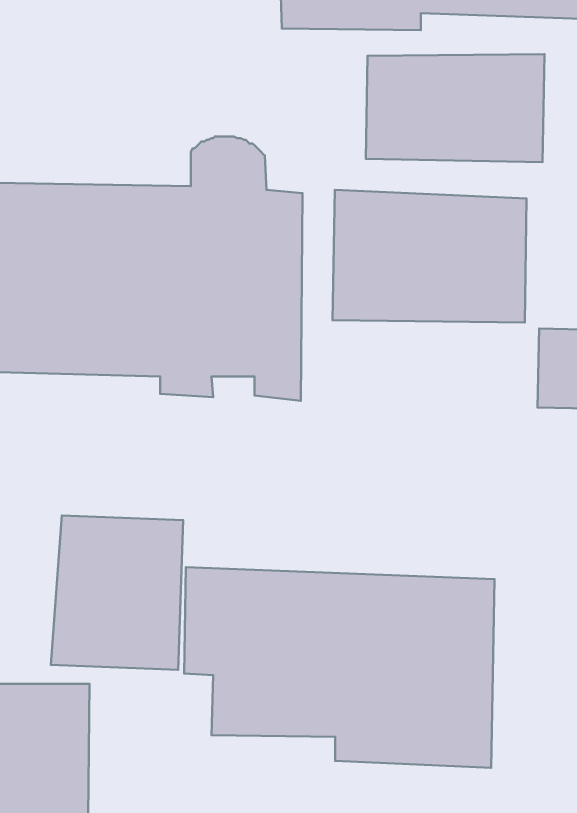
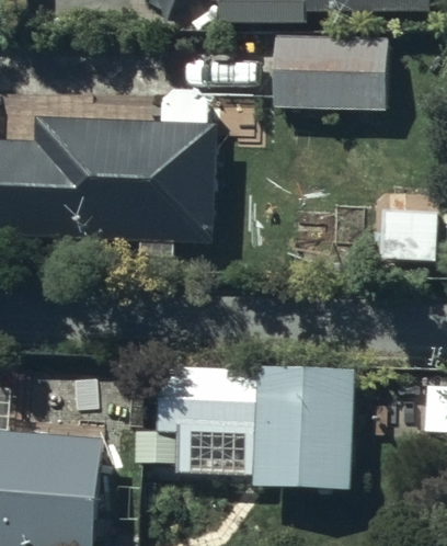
building: [333,190,527,322] -> none
building: [51,516,183,670] -> none

